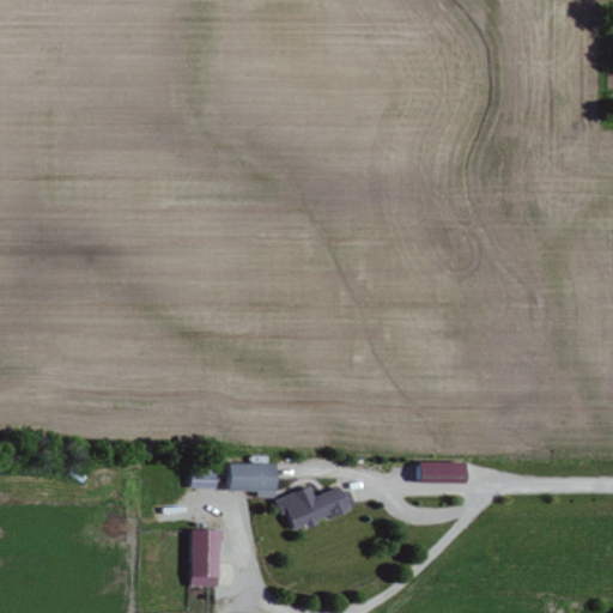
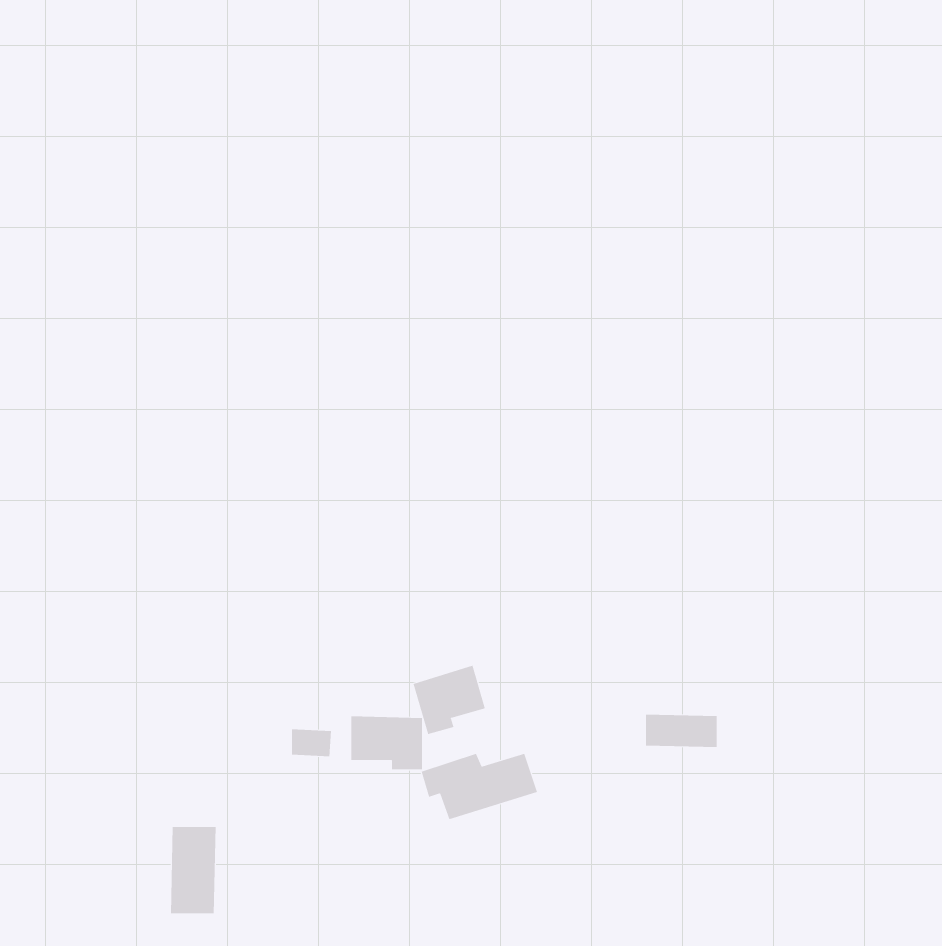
building: none -> [413,665,485,735]
building: [190,529,220,585] -> [170,827,216,914]

